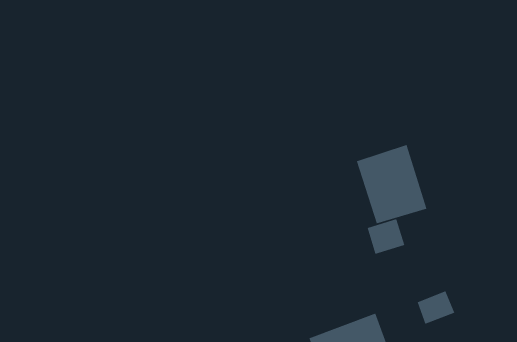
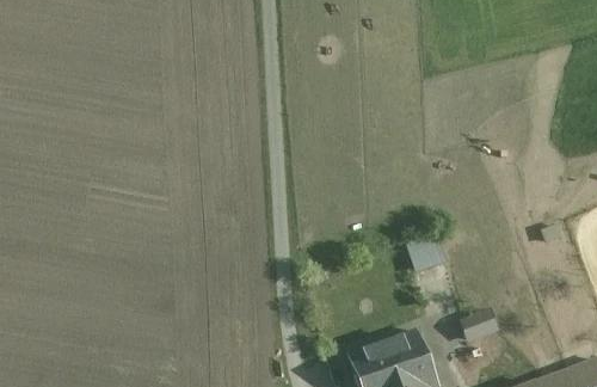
building: [356,144,427,224] -> none

